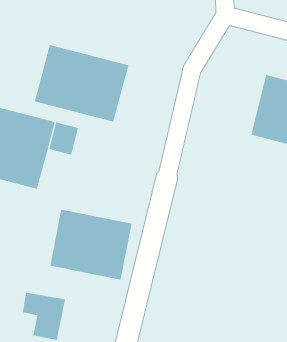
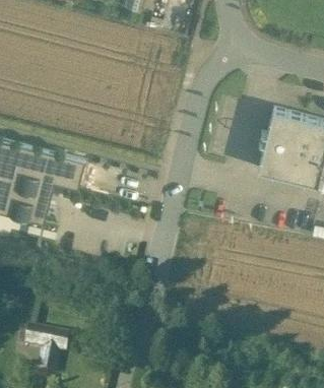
building: [34,44,129,123] -> none
building: [50,209,132,281] -> none

